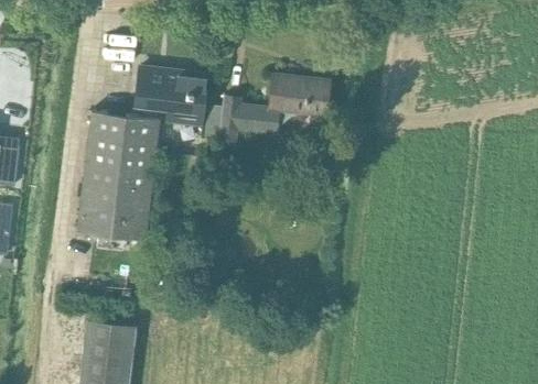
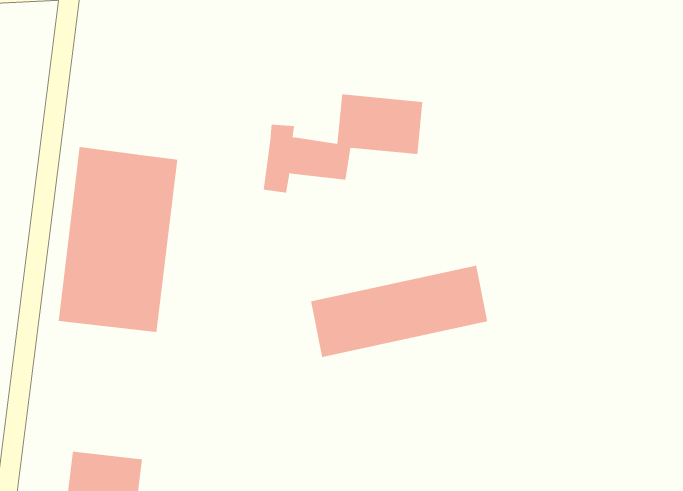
building: [133,67,208,125] -> none
building: none -> [310,265,488,358]

